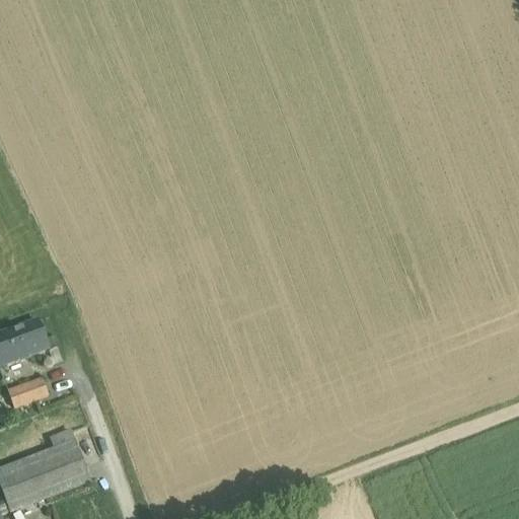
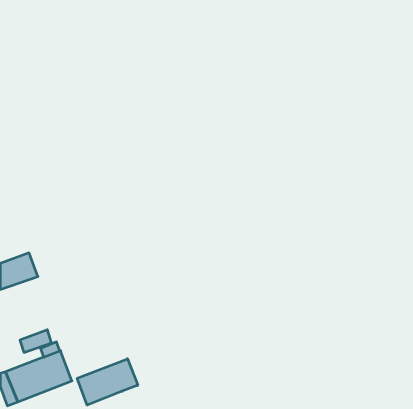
building: [8,376,48,404] -> [20,330,51,352]
building: none -> [77,359,138,405]

